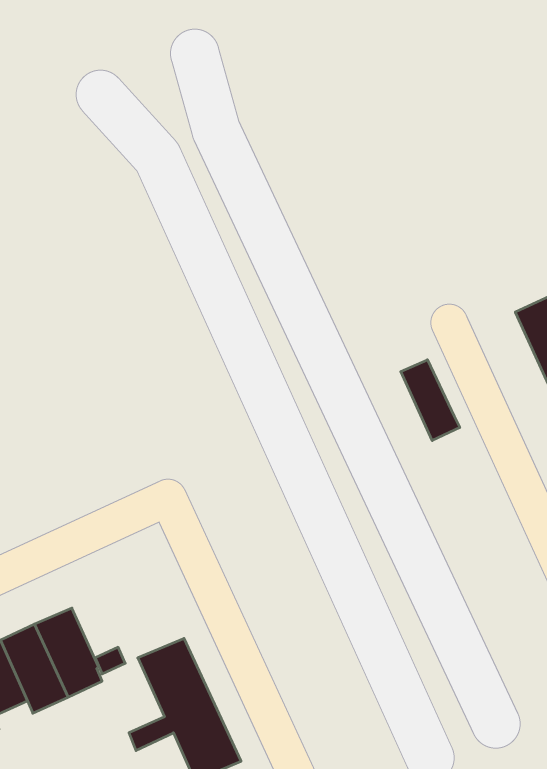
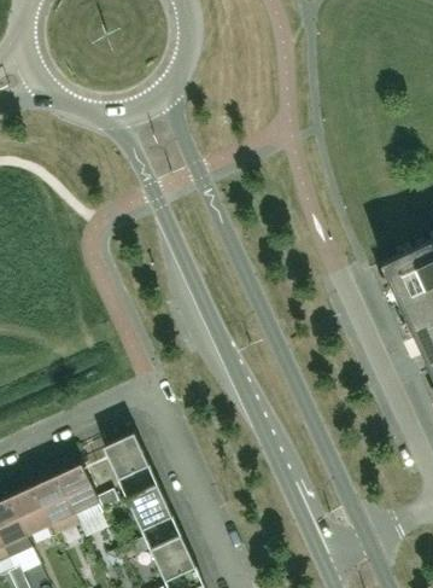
building: [401,360,460,441] -> none
building: none -> [104,433,150,481]

